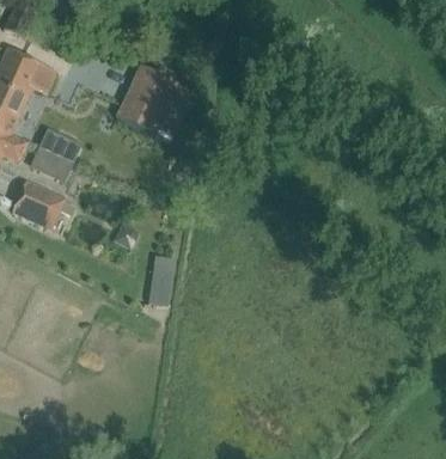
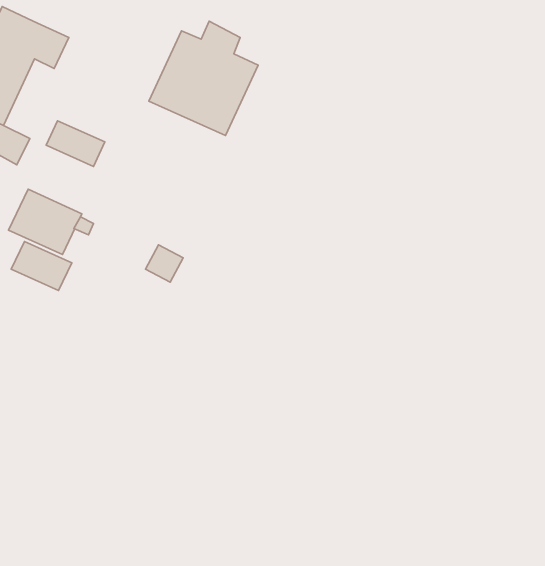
building: [30,149,74,185] -> [11,241,72,290]
building: [148,256,176,306] -> none

